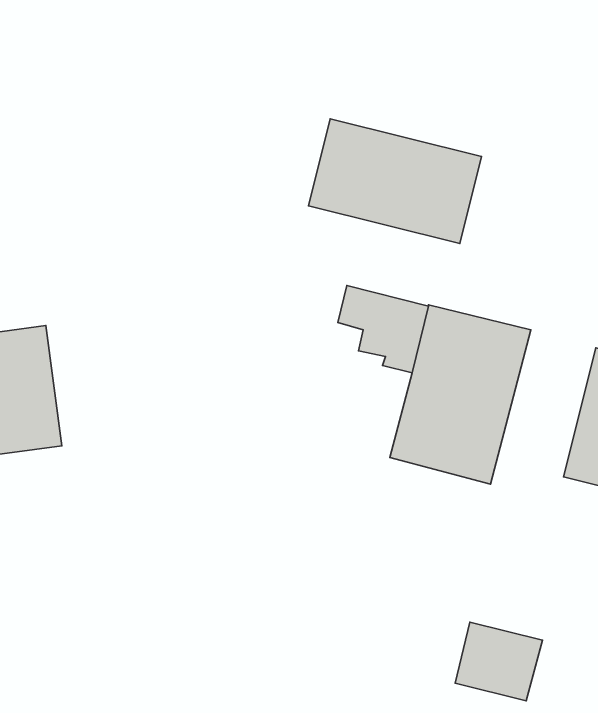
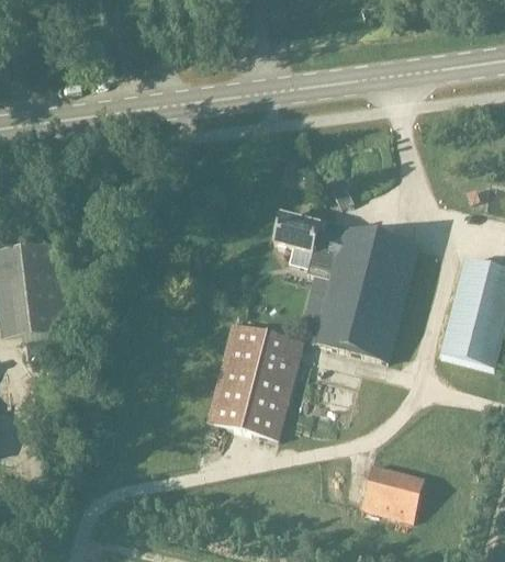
building: [309,119,482,244] -> none
building: none -> [206,322,302,440]

